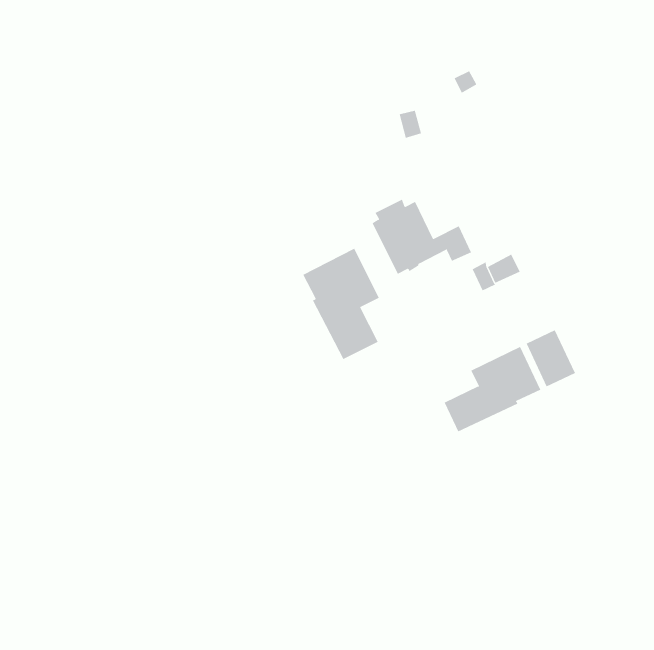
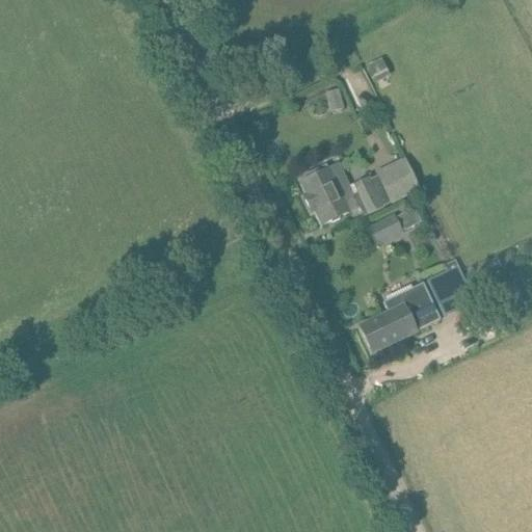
building: none -> [381,168,417,203]
building: [303,248,380,360] -> none

